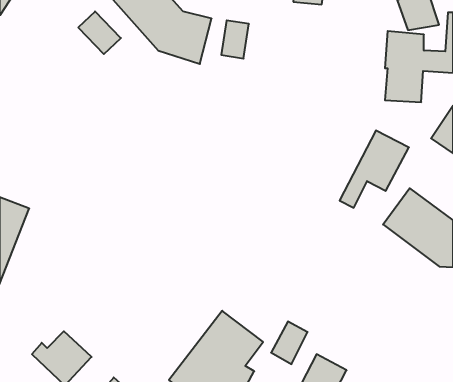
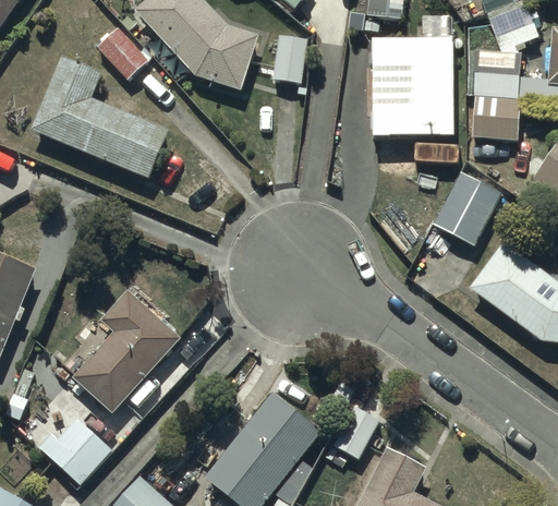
building: none -> [373,37,453,133]
building: none -> [31,58,169,178]
building: none -> [74,291,180,412]

